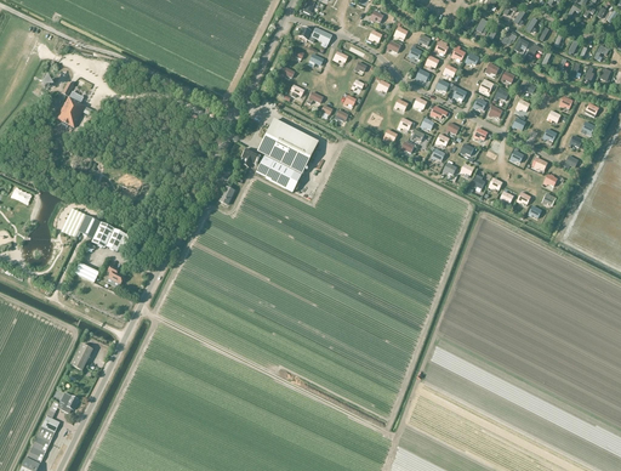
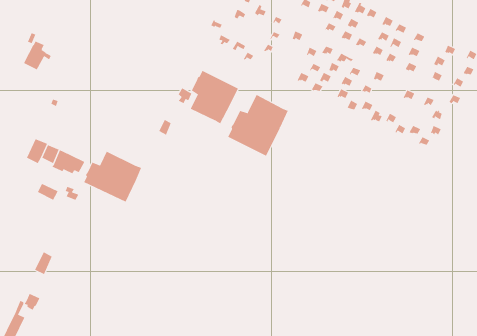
building: none -> [227,94,289,156]
building: none -> [83,151,142,203]

